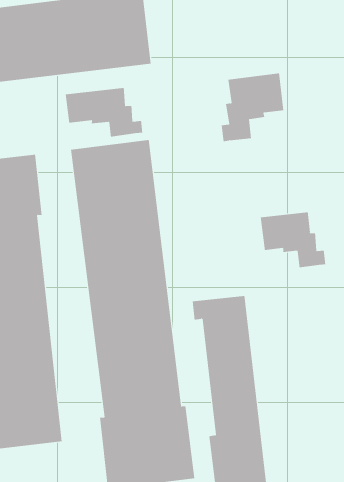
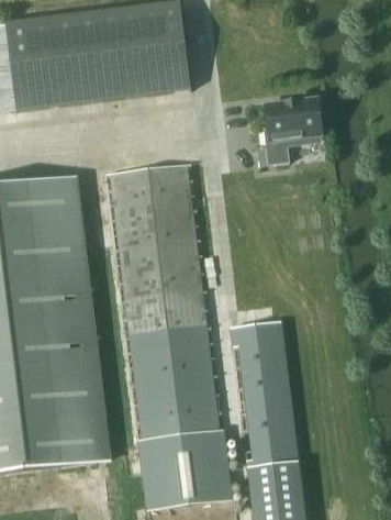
building: [65,87,143,137] -> none
building: [260,212,326,268] -> none

